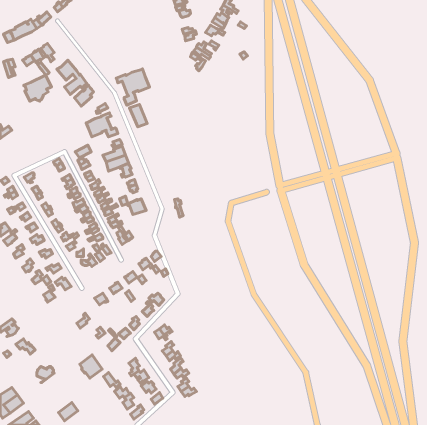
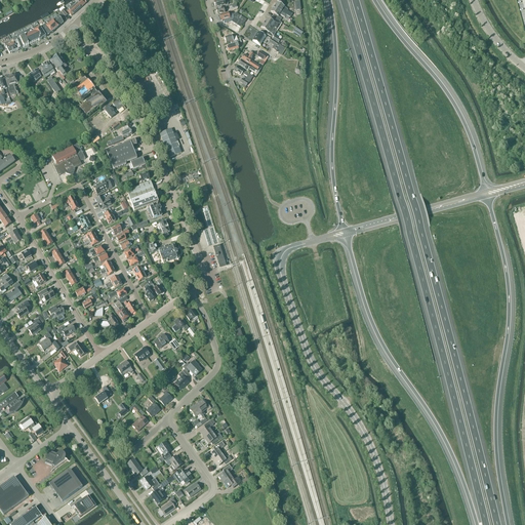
building: [116,69,150,105] -> none
building: [24,75,51,101] -> [51,143,85,174]
building: [80,355,102,378] -> [50,471,78,499]

